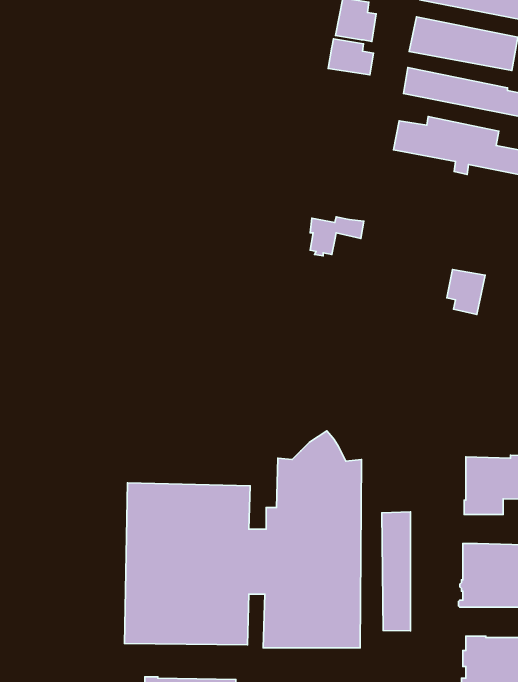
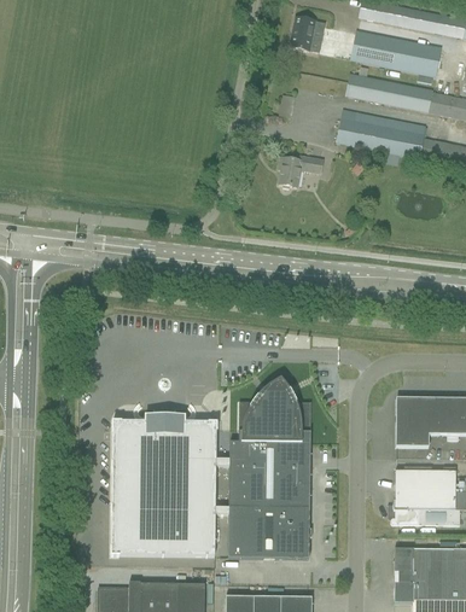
building: [328,39,374,75] -> none
building: [310,217,364,256] -> [279,156,324,188]
building: [447,270,485,314] -> none
building: [382,512,410,631] -> none

